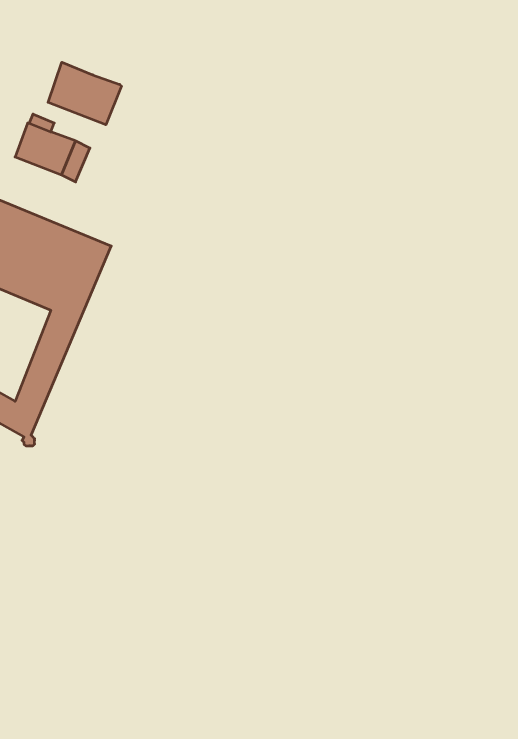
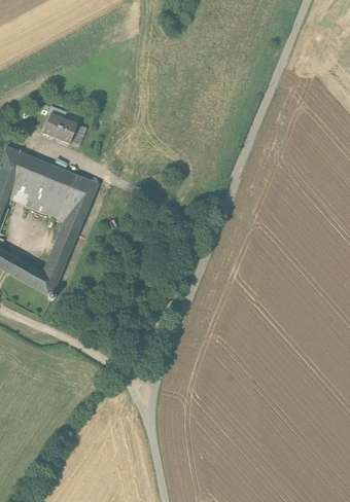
building: [48,62,121,125] -> none

